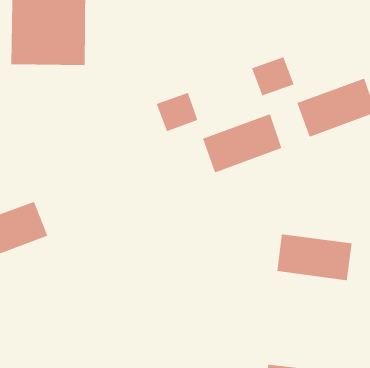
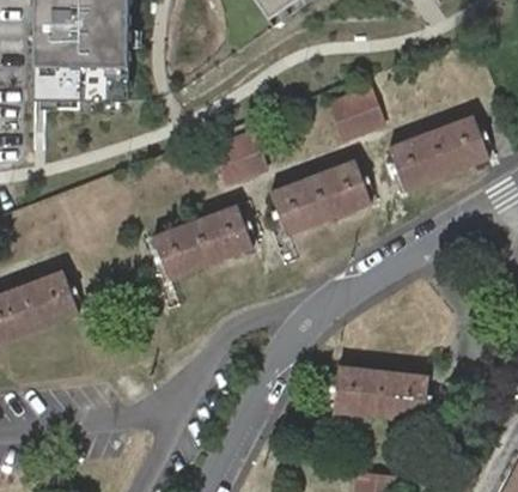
building: none -> [151,204,252,280]
building: [276,234,352,281] -> [330,364,425,423]

